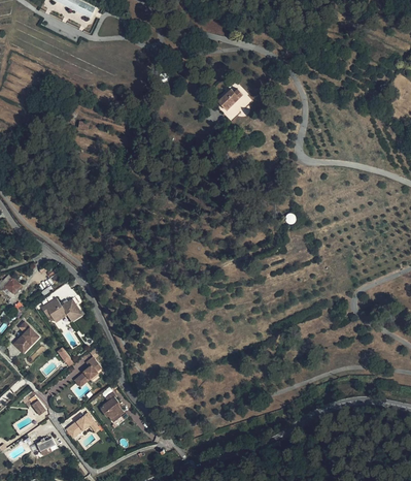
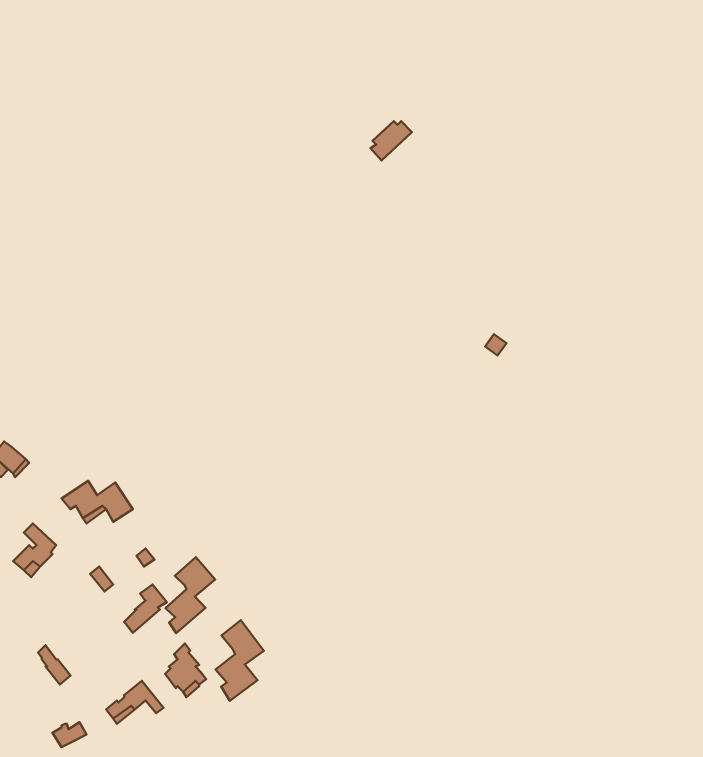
building: none -> [165,557,215,633]
building: none -> [216,620,264,701]

